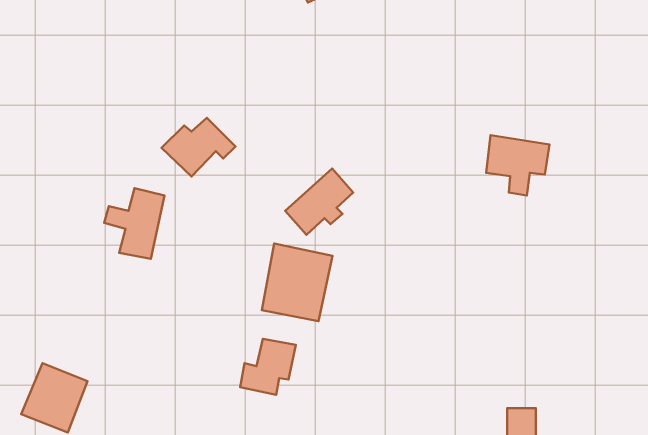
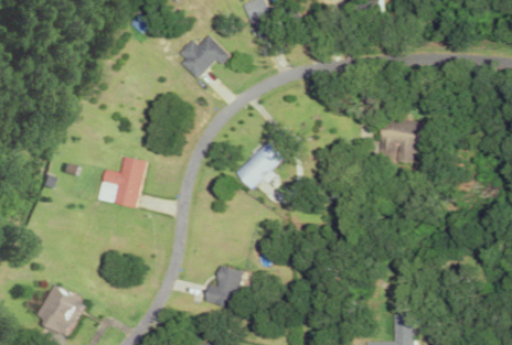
building: [161,118,235,177] -> [175,35,230,78]
building: [262,244,332,321] -> none

